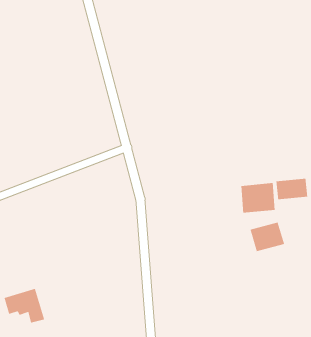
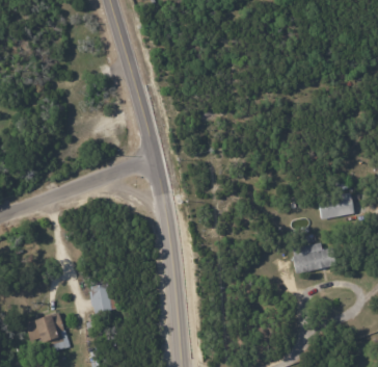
building: [241,182,275,213] -> none
building: none -> [91,285,113,313]

